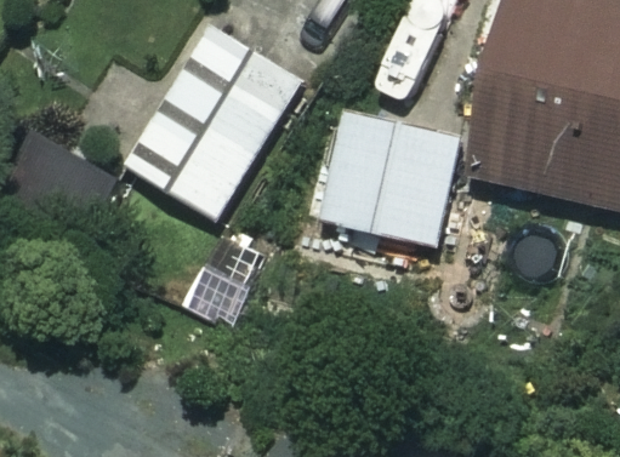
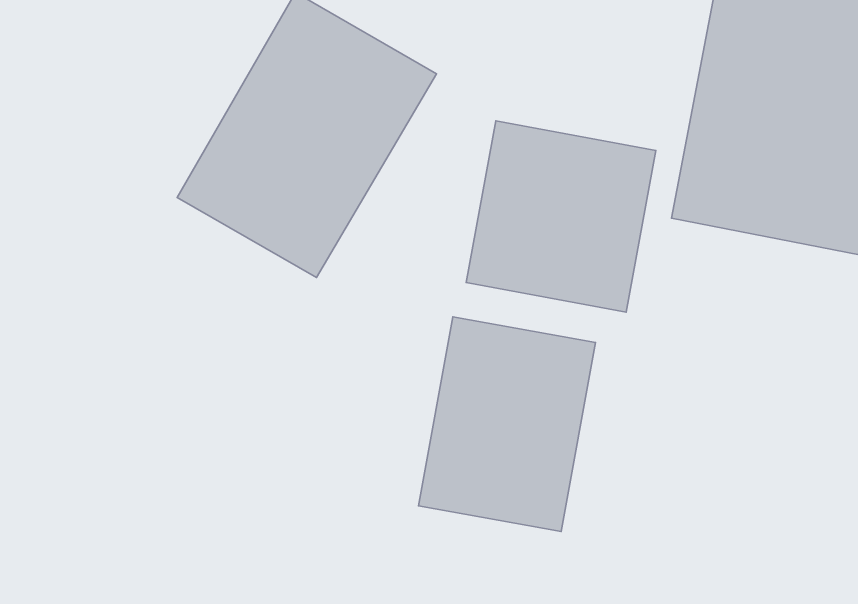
building: none -> [418,317,596,532]

